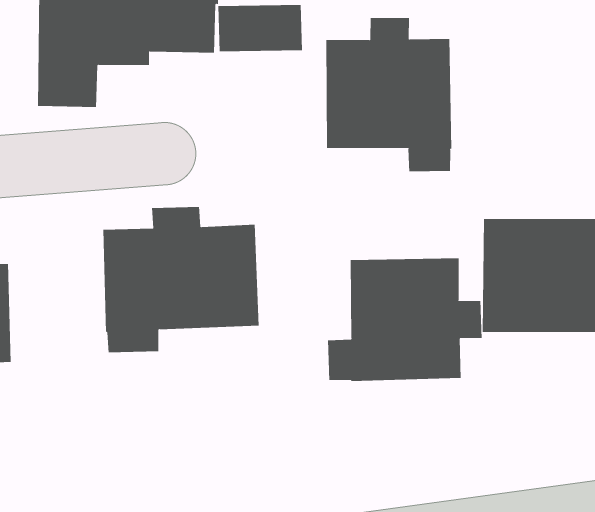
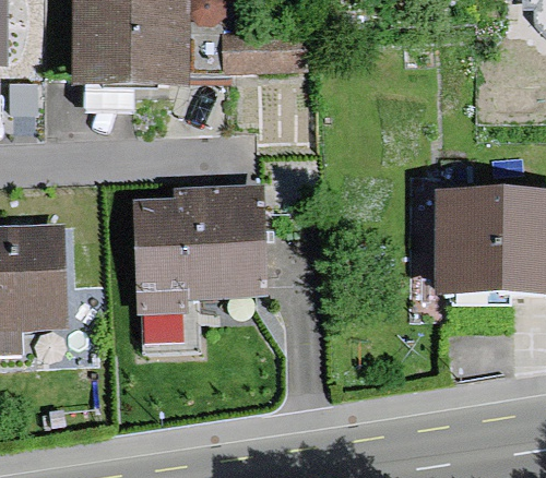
building: [326,17,452,172] -> none
building: [328,257,482,382] -> none

